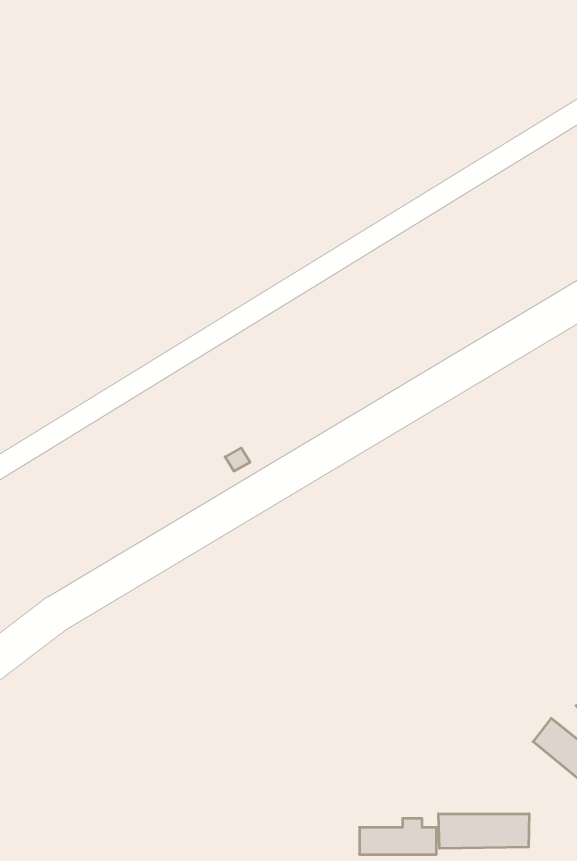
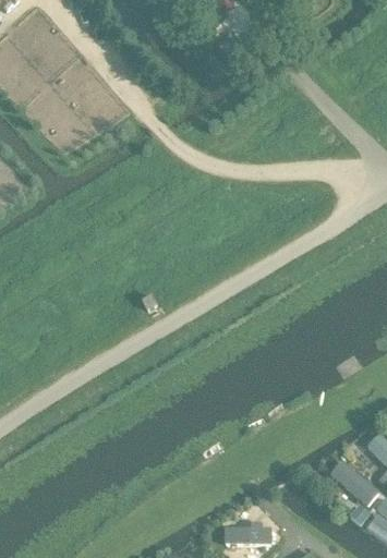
building: [438,814,529,848] -> none

